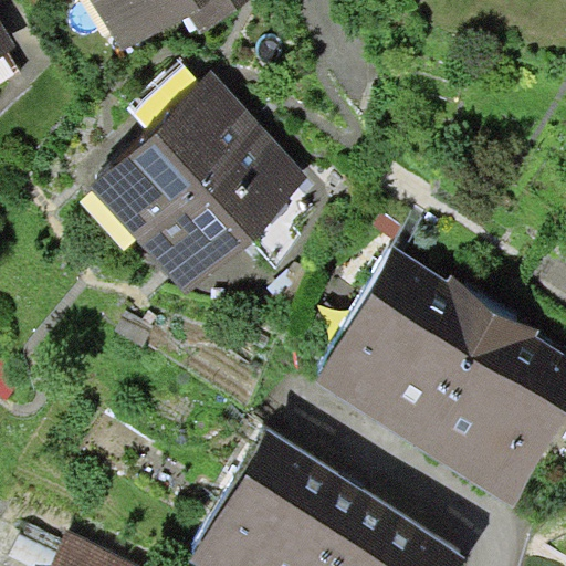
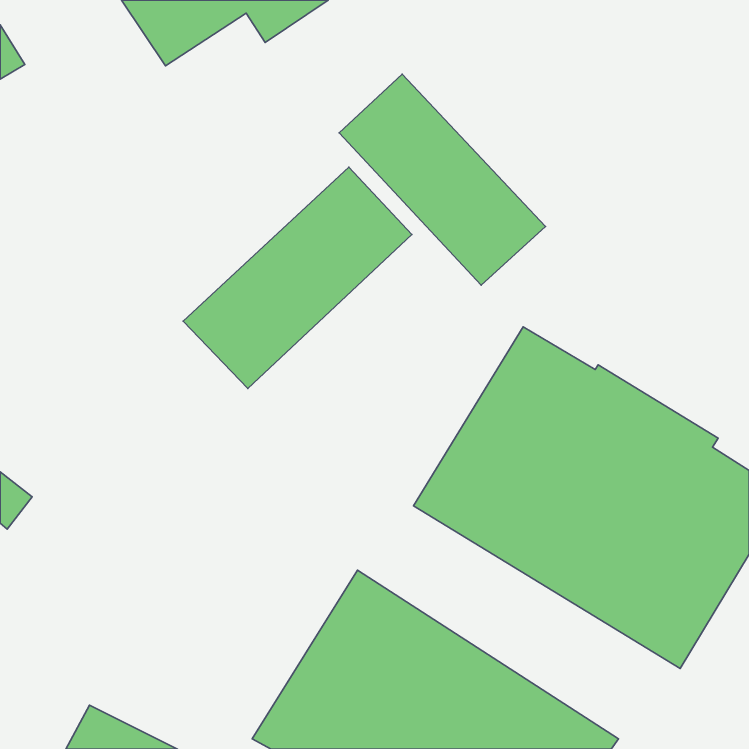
building: none -> [339,74,546,285]
building: [87,72,263,242] -> none

